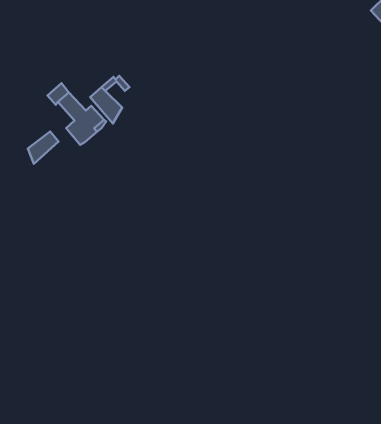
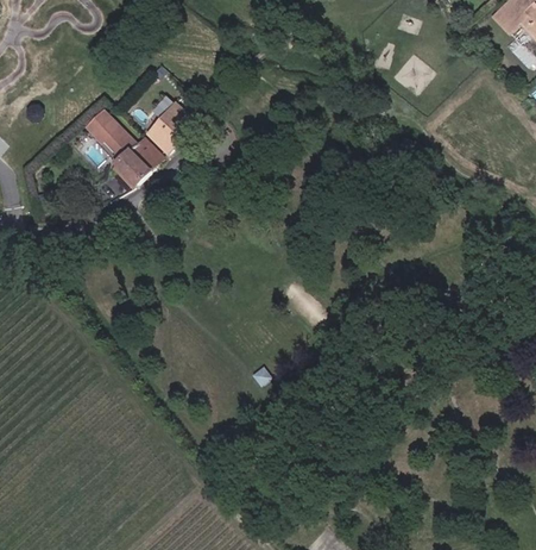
building: [28,132,59,164] -> none

